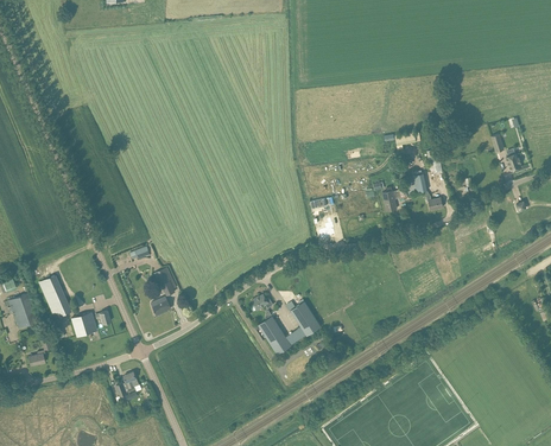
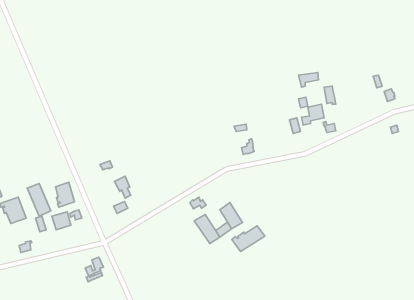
building: none -> [55,182,75,207]
building: none -> [232,226,265,252]

